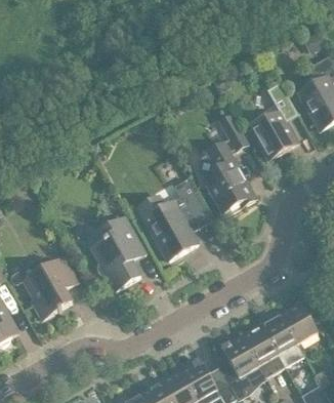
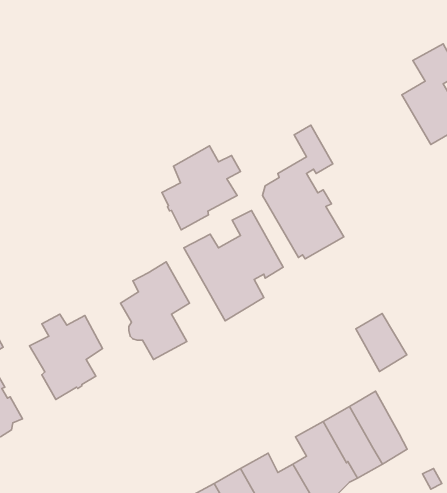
building: [250,83,298,161] -> none
building: none -> [162,146,240,230]
building: [280,303,318,346] -> [356,314,407,372]

